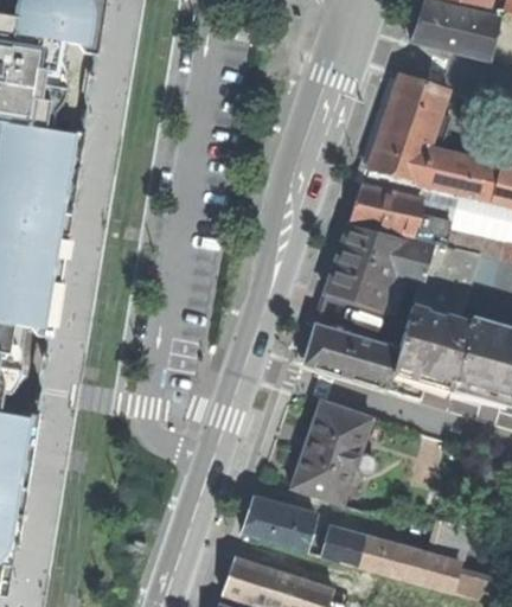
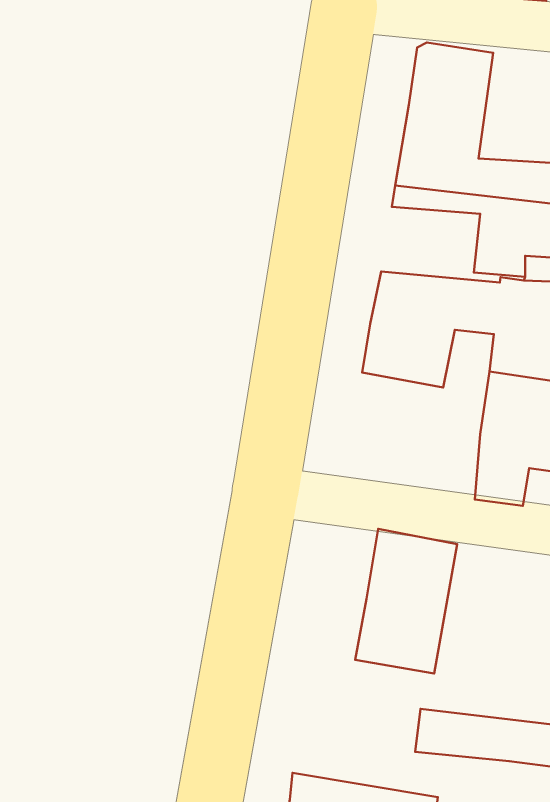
building: [347,183,421,238] -> none
building: [300,322,397,390] -> none
building: [241,498,315,551] -> none

